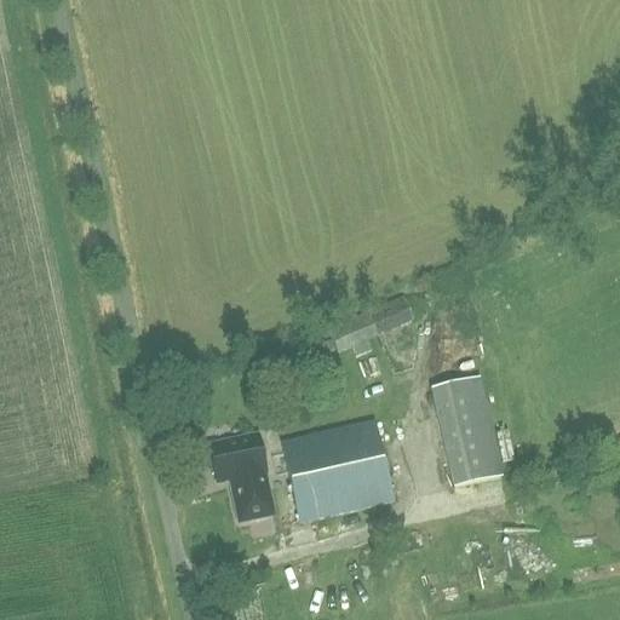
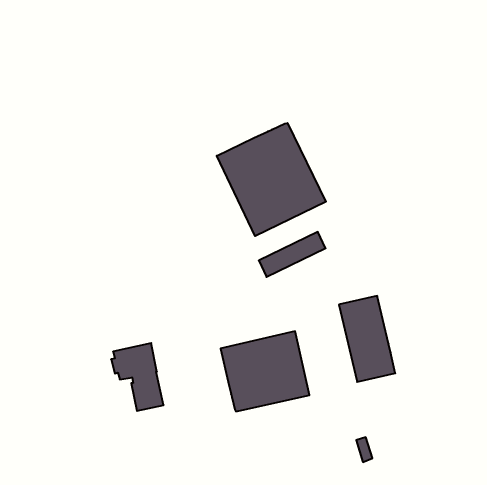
building: none -> [217,123,326,236]
building: [207,435,274,521] -> [111,343,164,411]

